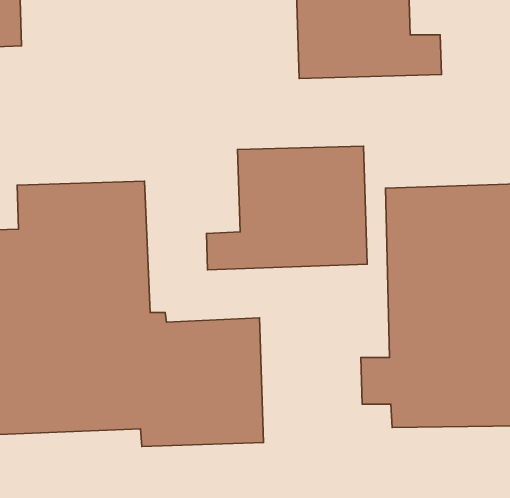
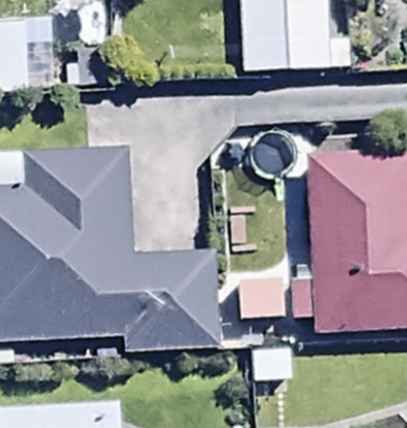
building: [207,146,367,270] -> none

